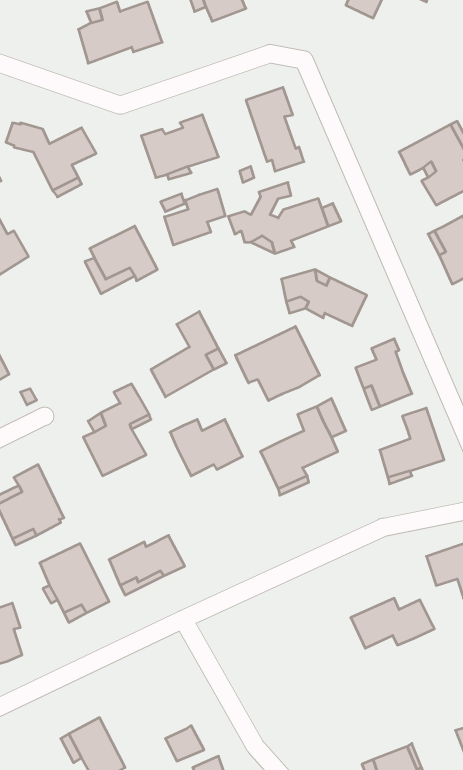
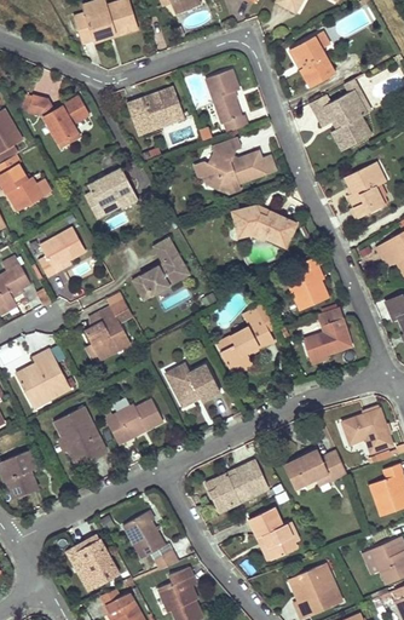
building: none -> [294,40,339,91]
building: [164,189,225,245] -> none
building: none -> [37,229,85,276]
building: [235,326,320,401] -> none
building: [170,419,243,476] -> [168,363,223,406]
building: none -> [206,460,269,511]
building: none -> [252,509,301,562]
building: none -> [120,515,161,562]

